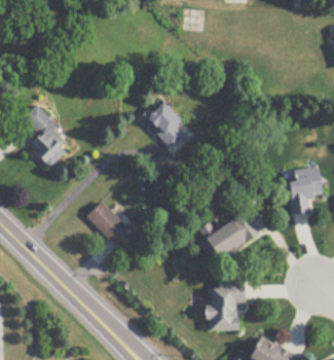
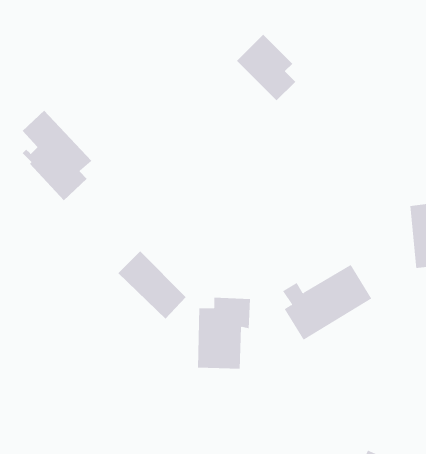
building: [144,101,185,147] -> [236,34,296,101]
building: [208,281,245,330] -> [197,297,251,369]

